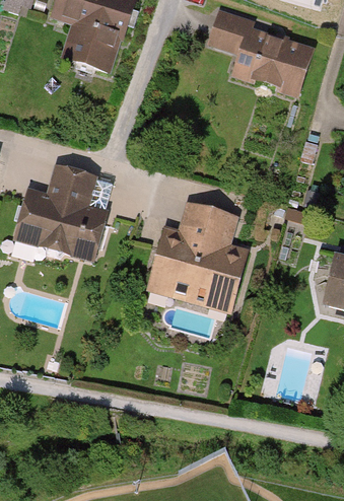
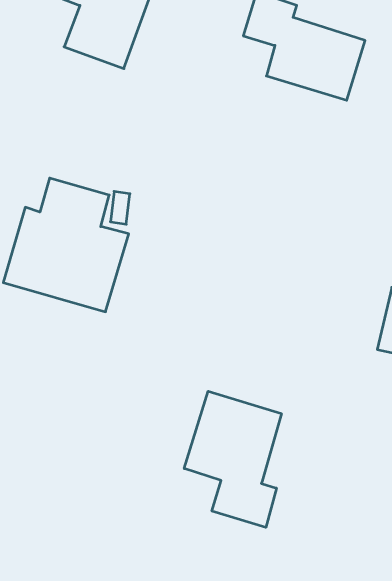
building: [146,203,251,309] -> none
building: none -> [184,391,281,527]

